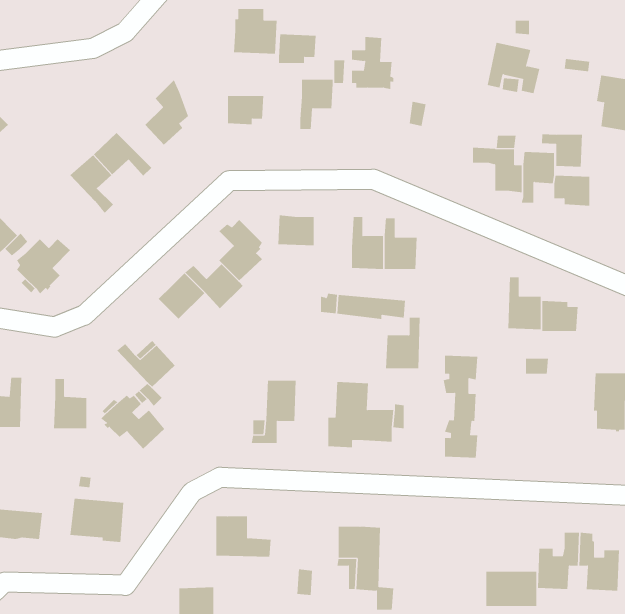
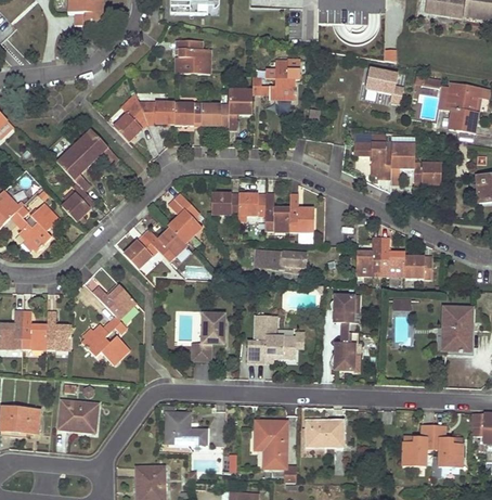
building: [278,34,316,63] -> [200,104,229,126]
building: none -> [140,102,174,124]
building: [541,134,582,167] -> none
building: none -> [62,188,93,221]
building: none -> [238,193,267,216]
building: [385,317,421,369] -> [355,238,381,275]
building: none -> [23,311,48,349]
building: [485,571,537,606] -> [306,421,344,447]

